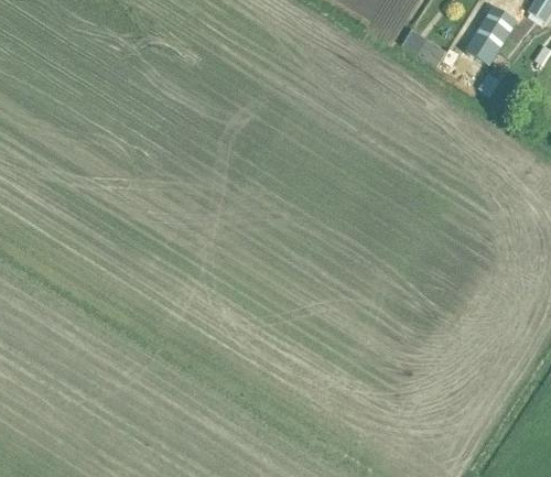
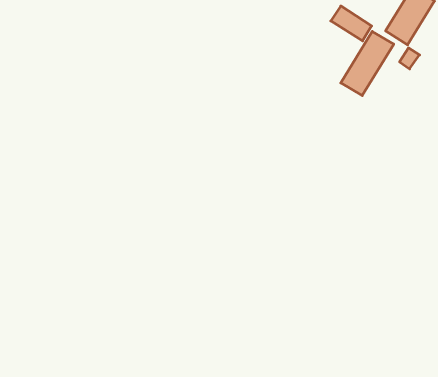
building: none -> [341,31,394,96]

